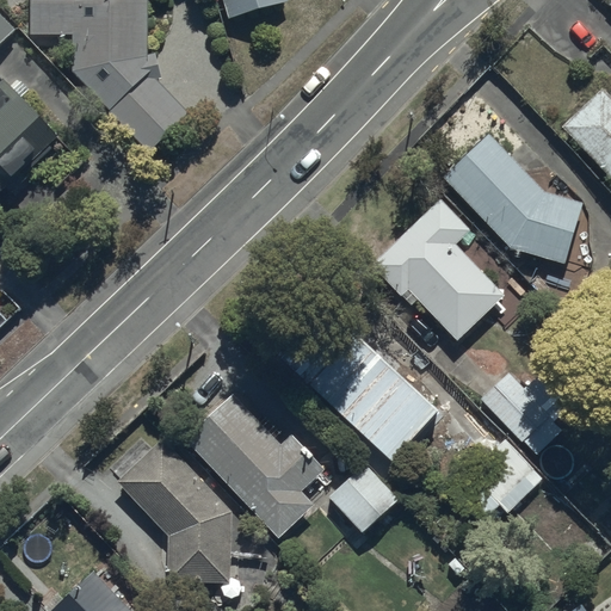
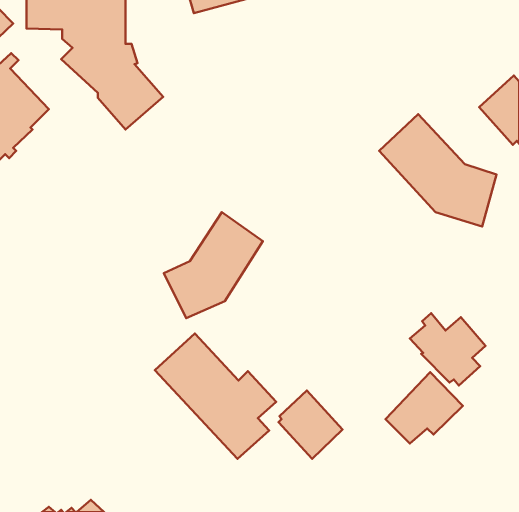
building: [371,198,506,341] -> none
building: none -> [164,212,263,318]
building: [298,323,439,462] -> none
building: [117,437,232,581] -> none

